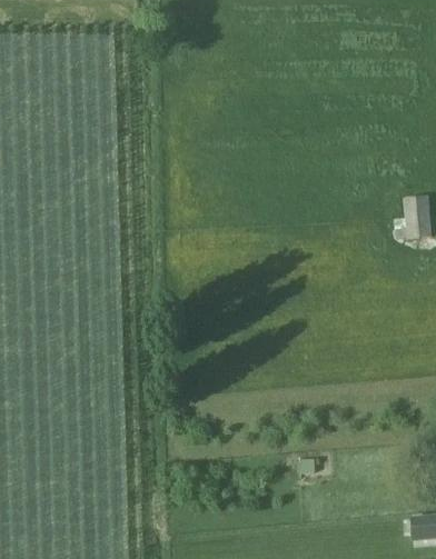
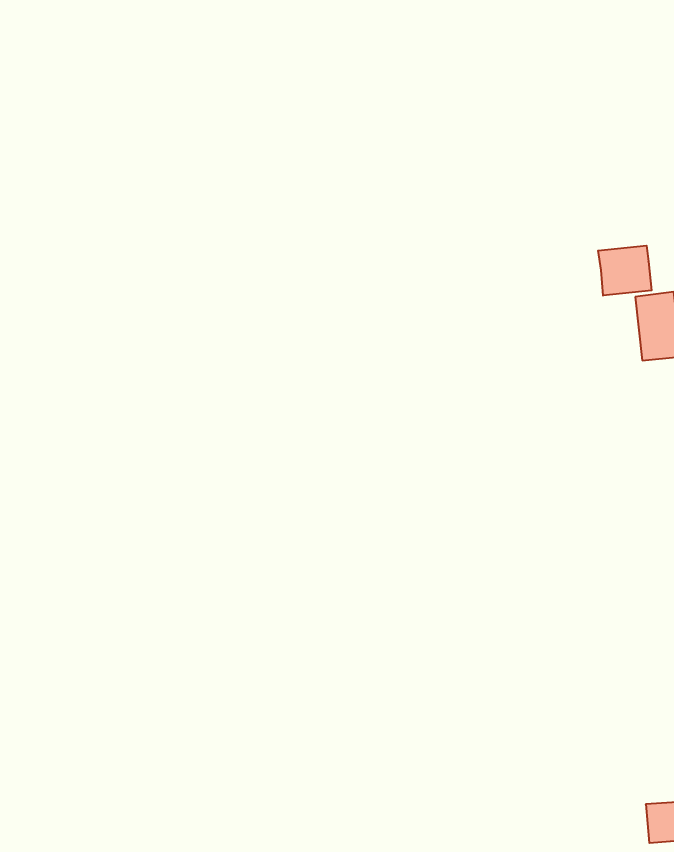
building: none -> [598,246,652,296]

